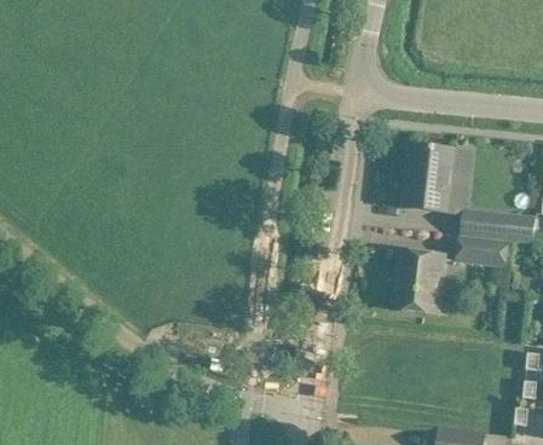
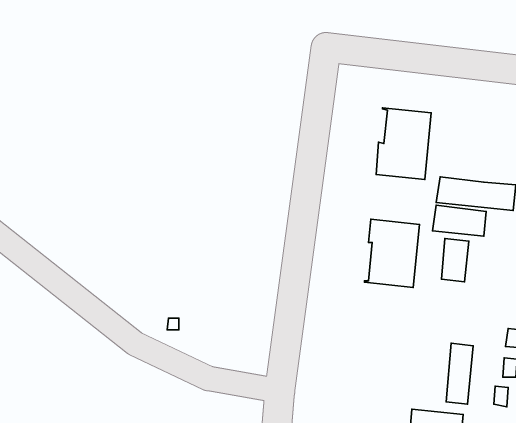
building: none -> [442,239,469,282]
building: none -> [446,343,473,404]

